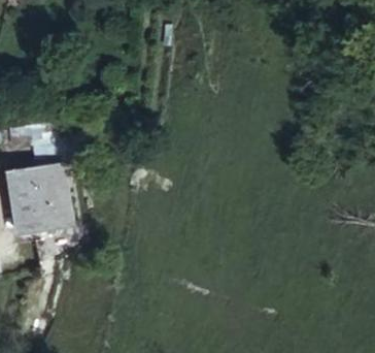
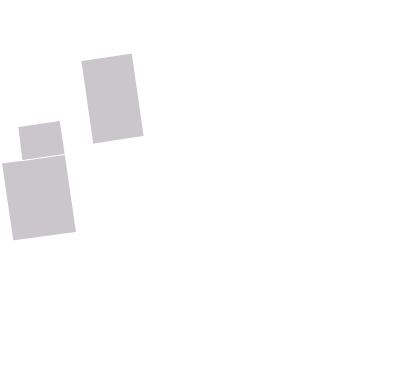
building: none -> [81,53,144,144]

